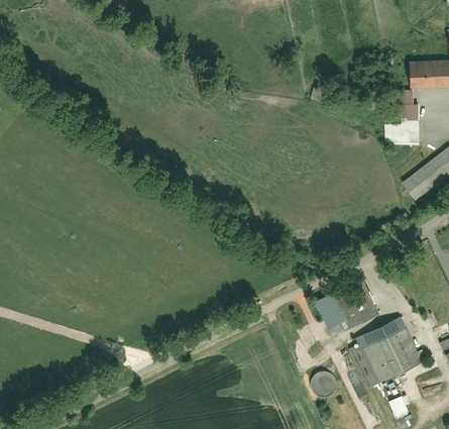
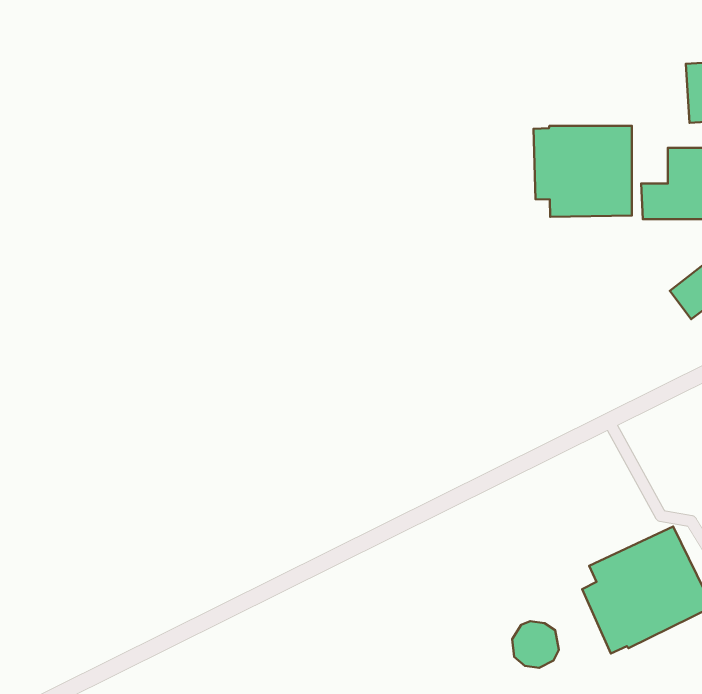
building: none -> [533,126,632,217]
building: [315,281,376,335] -> none

